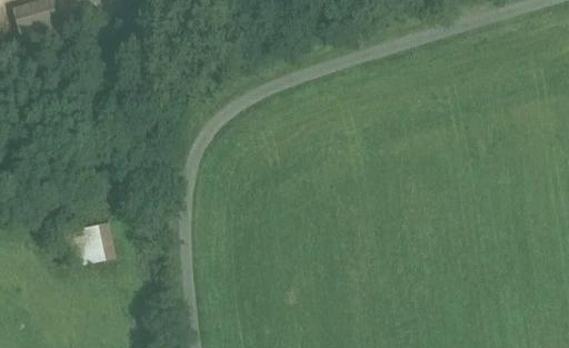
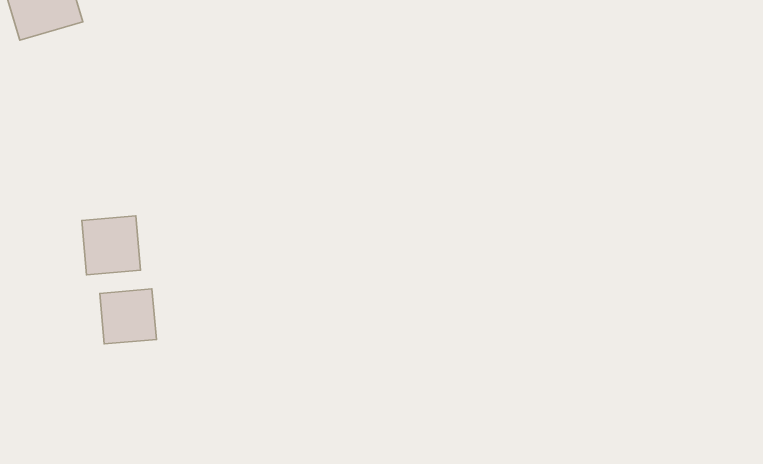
building: none -> [82,216,140,275]

